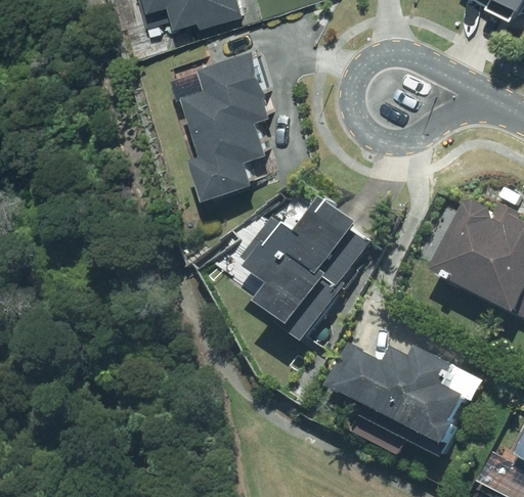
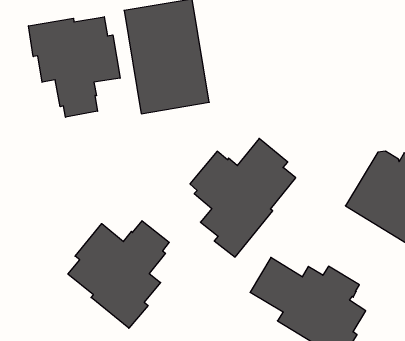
building: none -> [29,17,120,117]
building: none -> [68,221,169,328]

